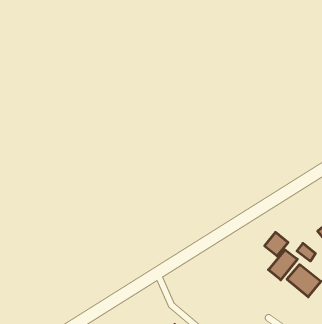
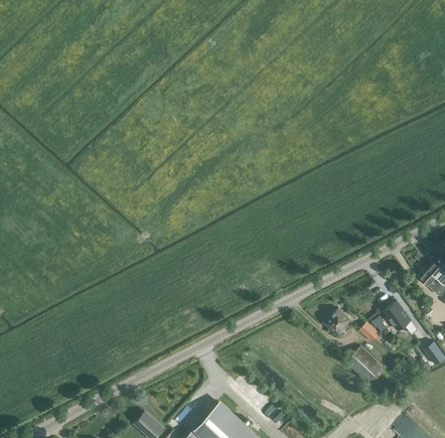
building: [268,250,297,280] -> none

